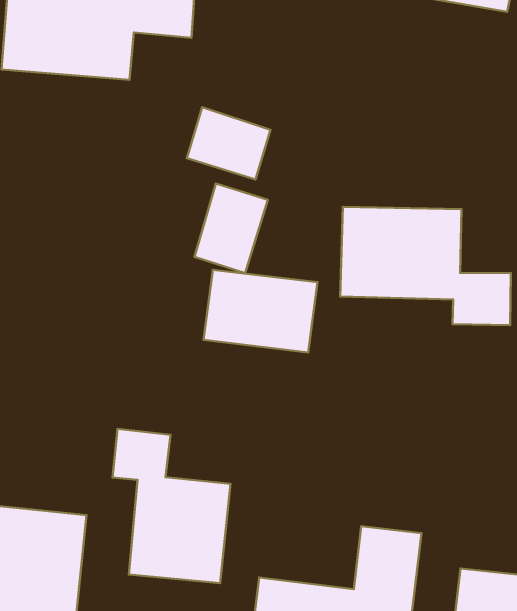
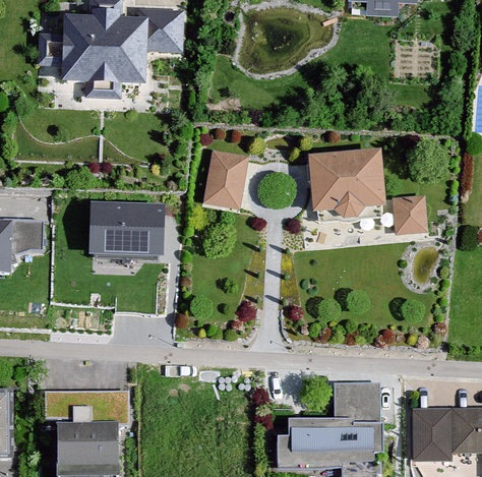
building: [187,107,270,180] -> none
building: [203,270,317,352] -> [95,194,171,246]
building: [112,429,230,583] -> none

